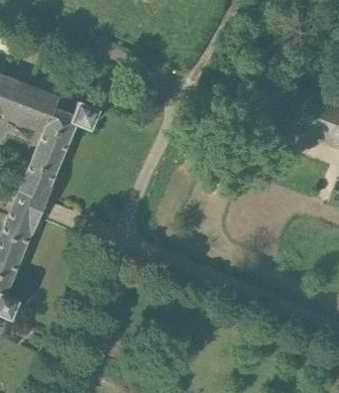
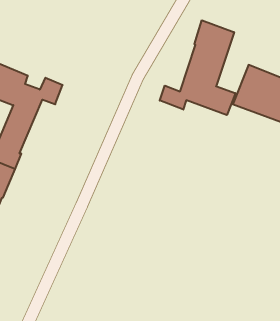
building: none -> [160,20,235,115]

